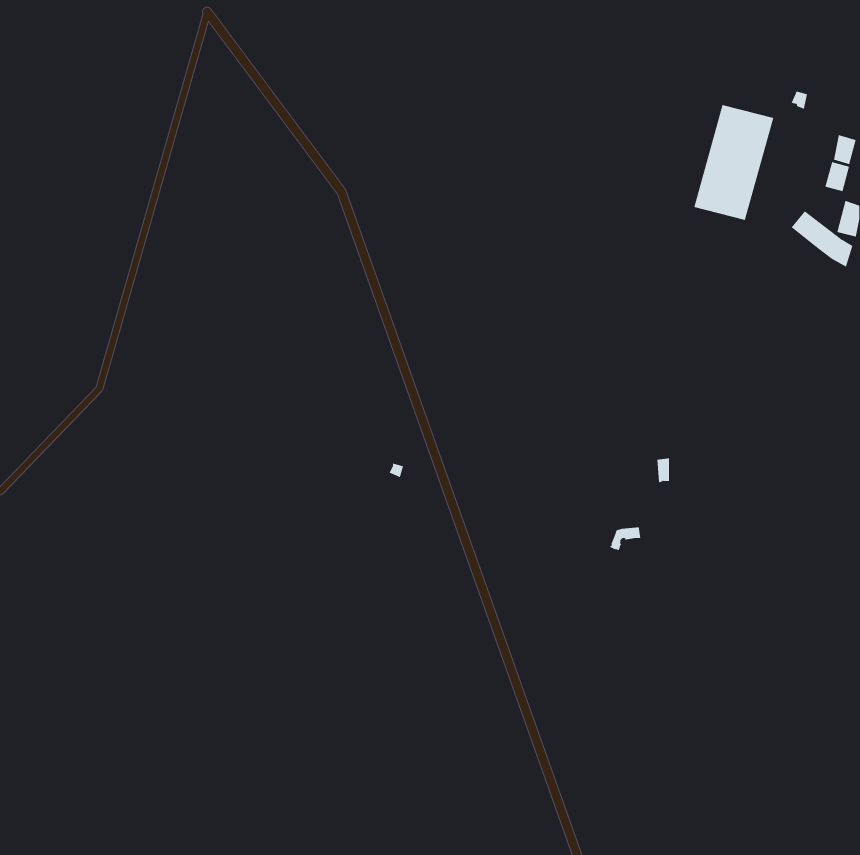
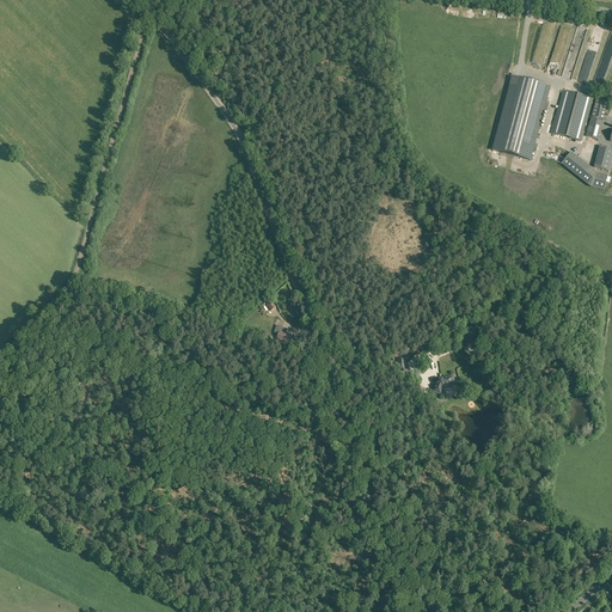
building: none -> [552,87,593,137]

